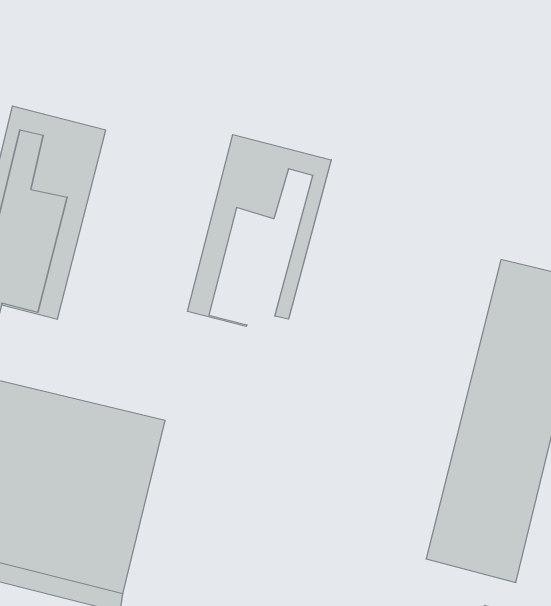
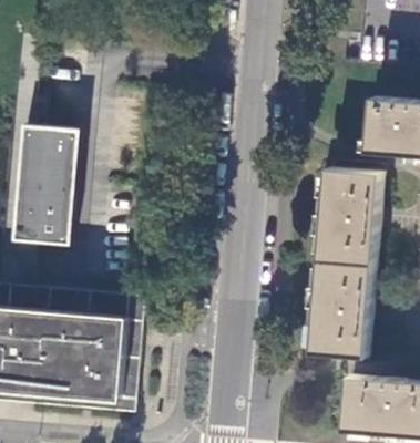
building: [187,135,331,326] -> none

